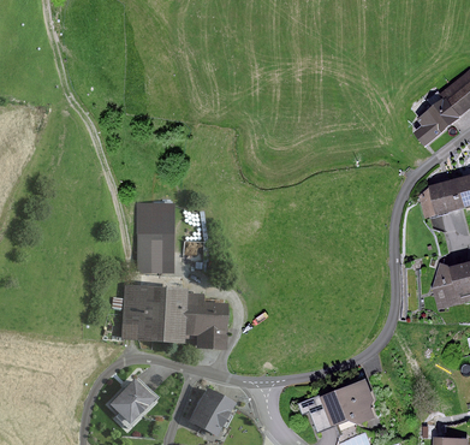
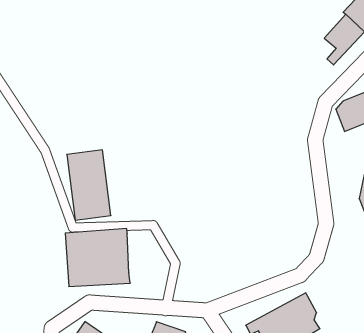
building: [185,292,227,349] -> none

